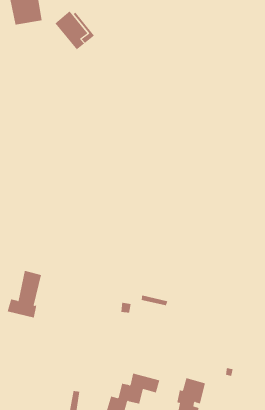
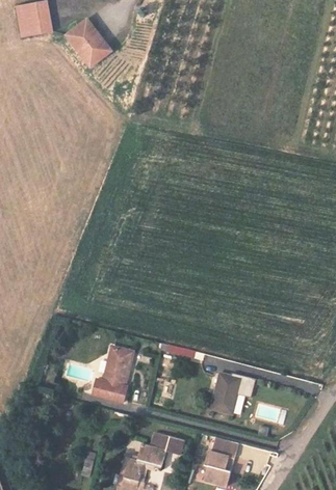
building: [7,270,42,318] -> [93,346,132,400]
building: none -> [209,374,254,414]

